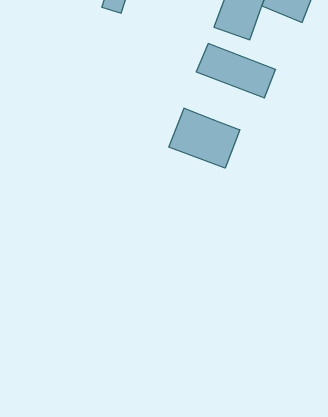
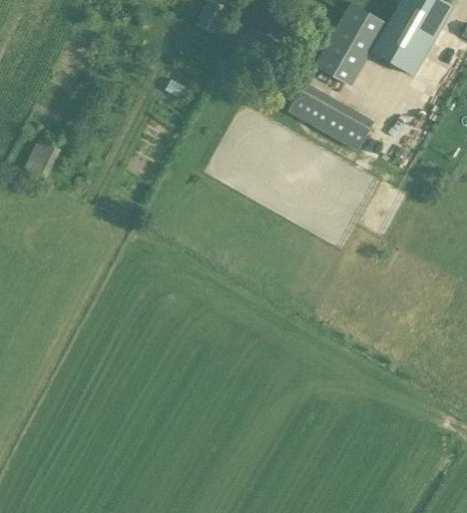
building: [169,108,240,168] -> none

